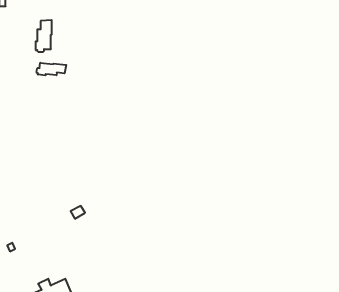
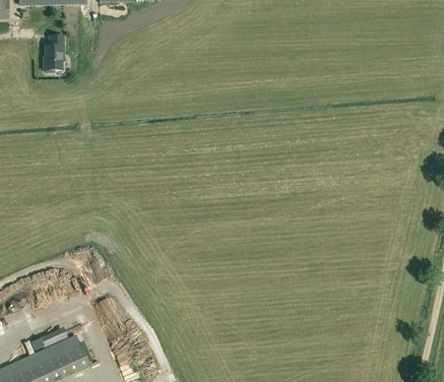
building: [37,63,66,75] -> none

